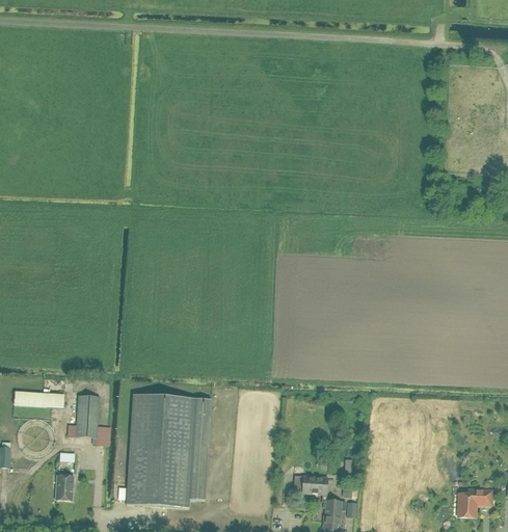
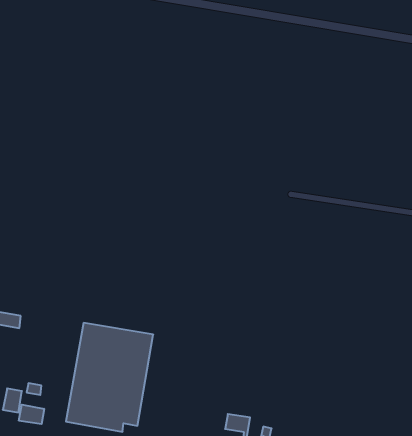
building: [75,395,99,437] -> none
building: none -> [19,405,44,424]

